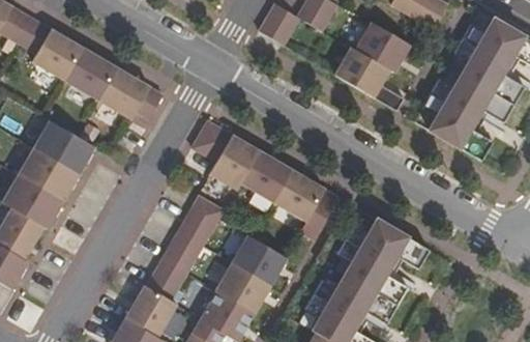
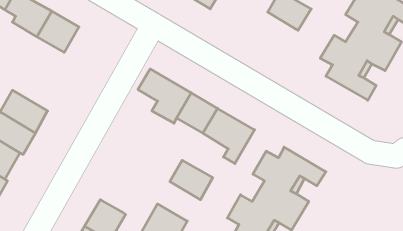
building: [334,47,404,110] -> none
building: [98,67,163,118] -> none
building: [33,120,94,173] -> none
building: [146,195,223,300] -> none
building: [215,262,270,312] -> none

